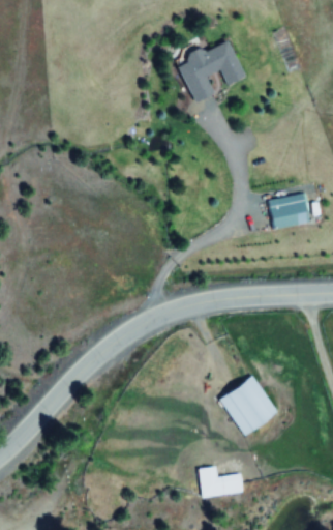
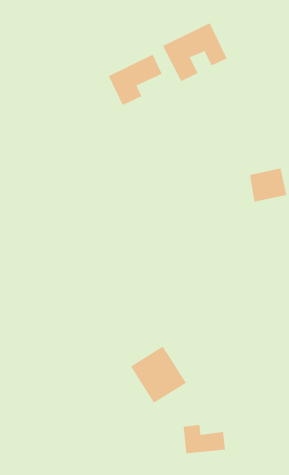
building: none -> [108,54,163,106]
building: [219,375,279,436] -> [130,346,187,403]

